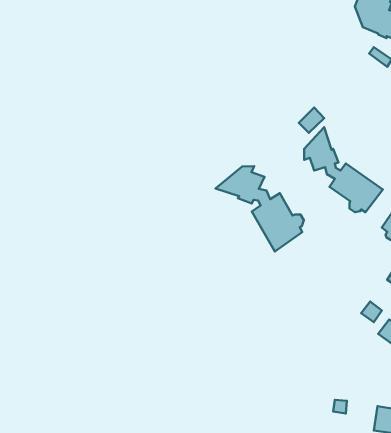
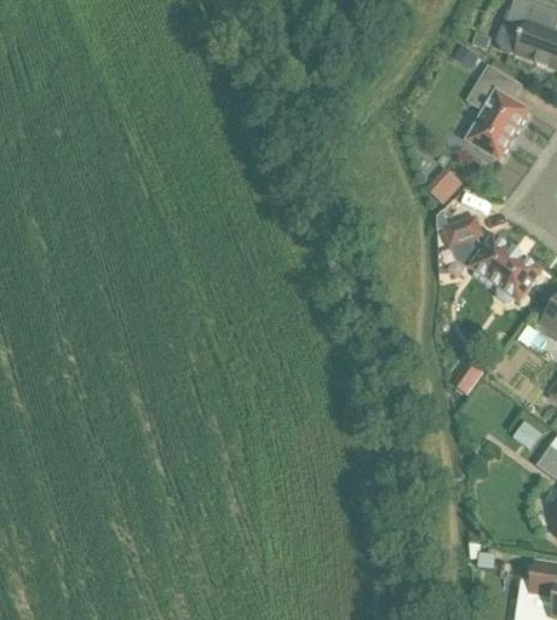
building: none -> [466,67,530,161]
building: [216,166,304,251] -> none

